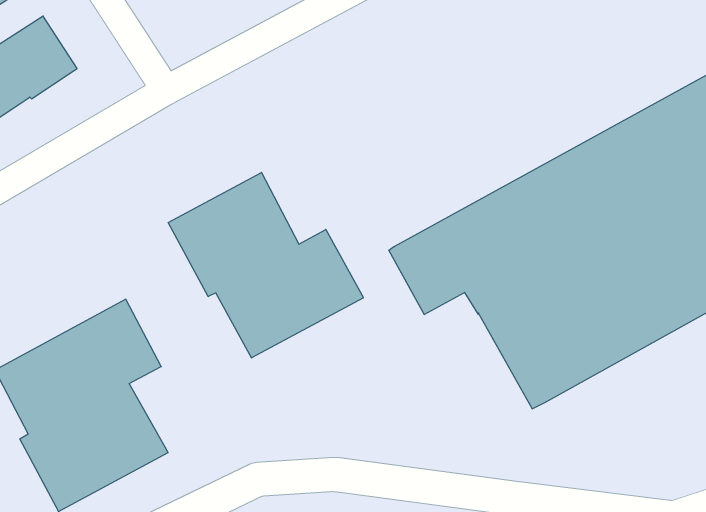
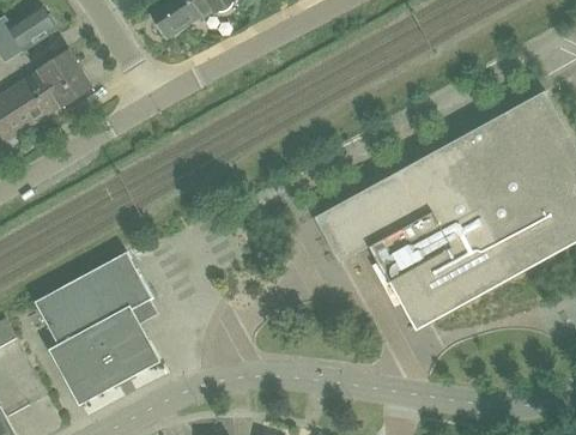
building: [168,172,363,358] -> none

